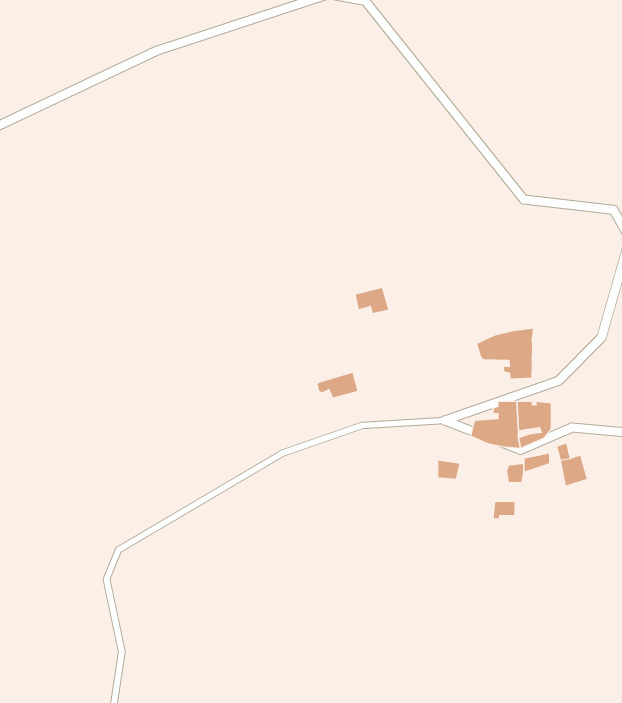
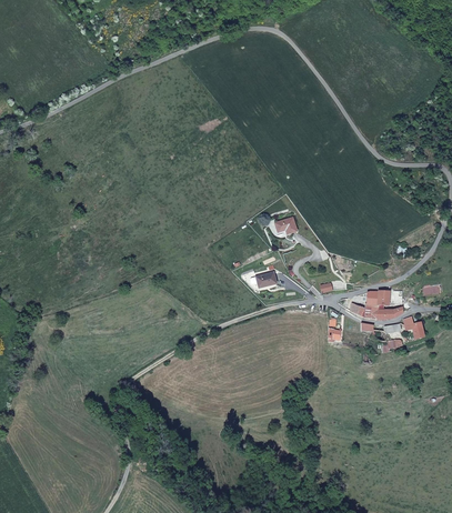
building: [477,328,534,379] -> none

